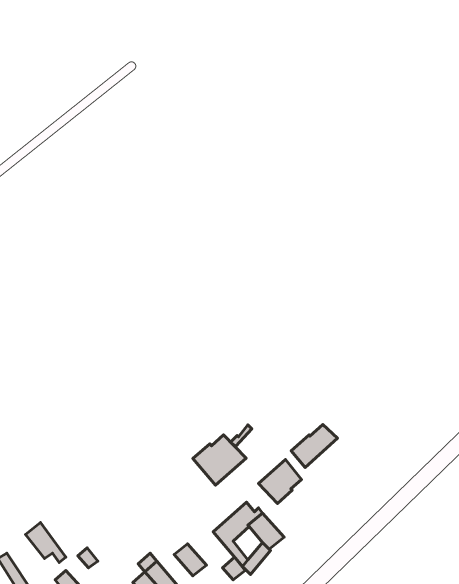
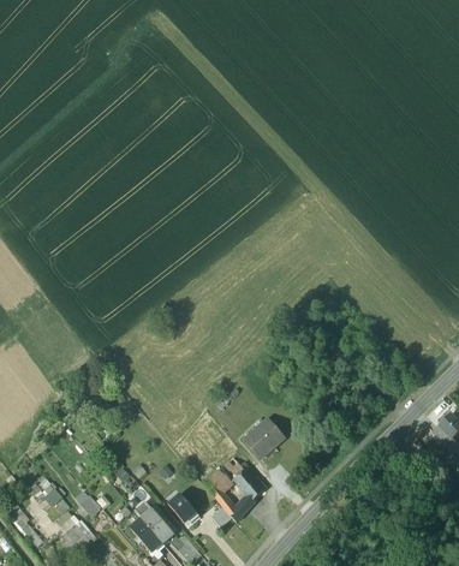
building: [291,424,338,467] -> none
building: [193,435,246,485] -> none

